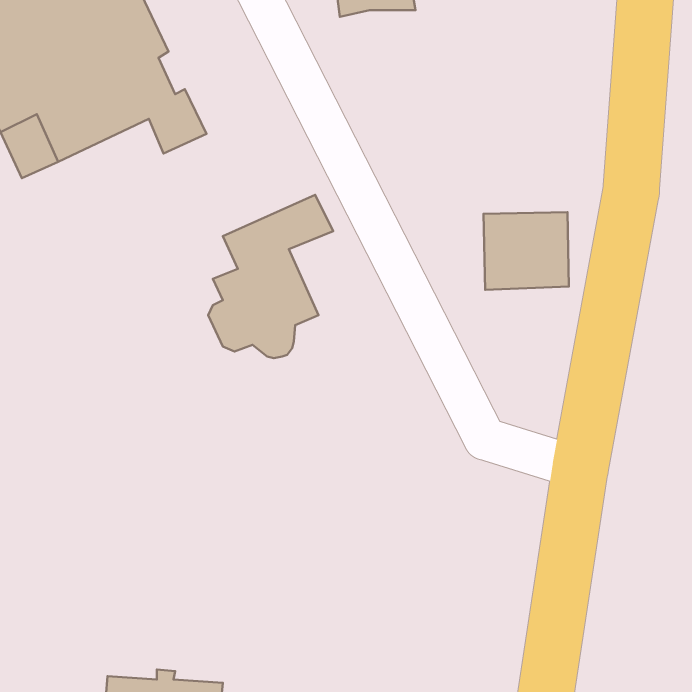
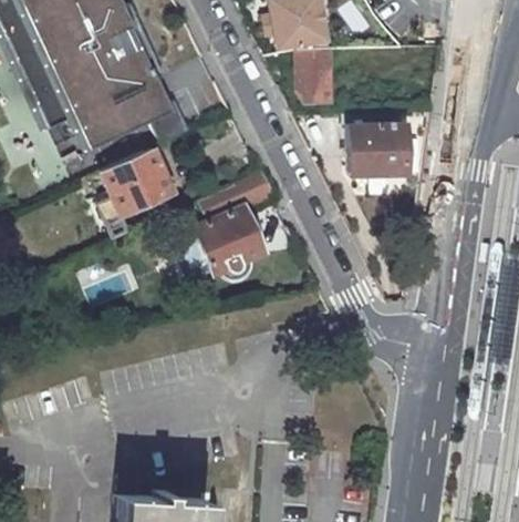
building: none -> [299,50,334,104]
building: none -> [104,150,172,214]
building: [483,212,569,290] -> [350,125,407,177]

